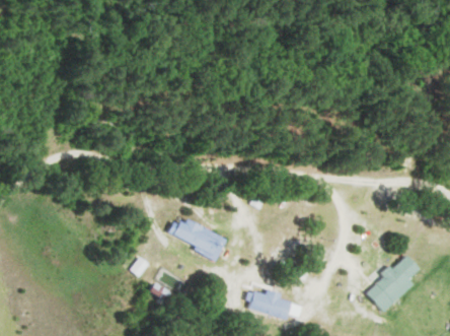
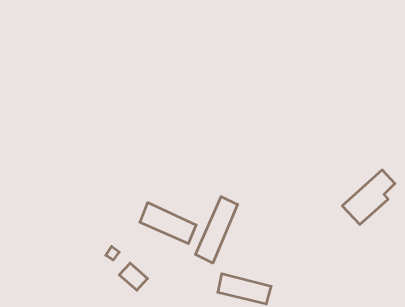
building: none -> [196,197,238,263]
building: [367,254,422,311] -> [342,170,395,224]

